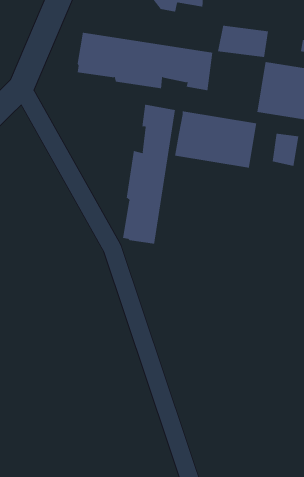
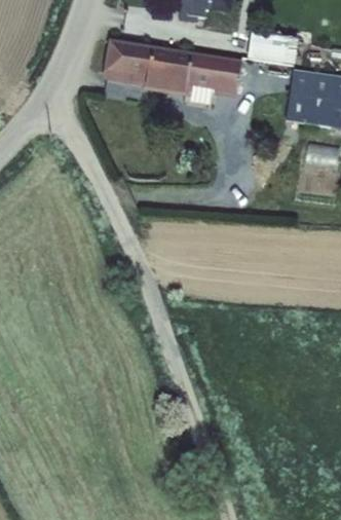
building: [123,104,175,245] -> none
building: [175,111,257,169] -> none

